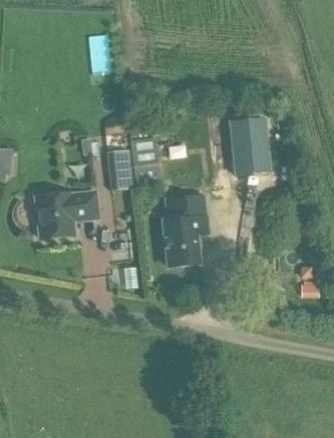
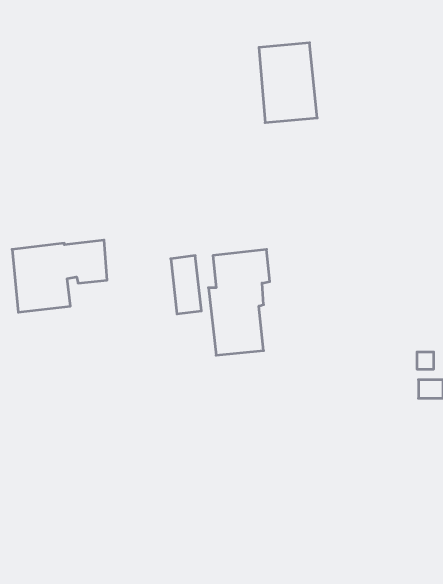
building: [224,117,262,169] -> [259,43,317,123]
building: [113,150,133,188] -> [171,256,201,314]

